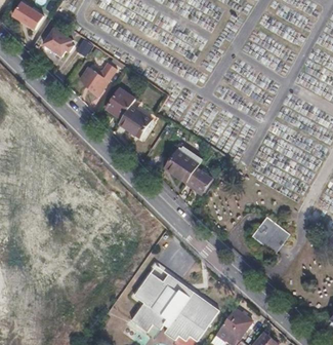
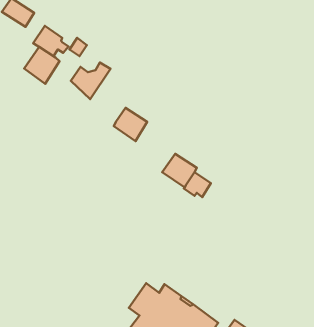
building: none -> [24,47,60,84]
building: [106,88,134,119] -> none
building: [253,218,287,251] -> none

